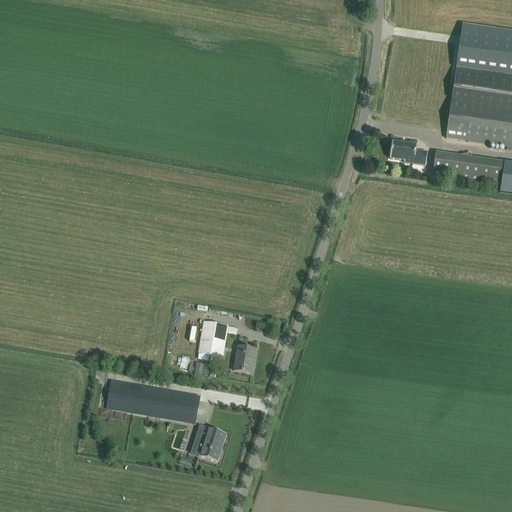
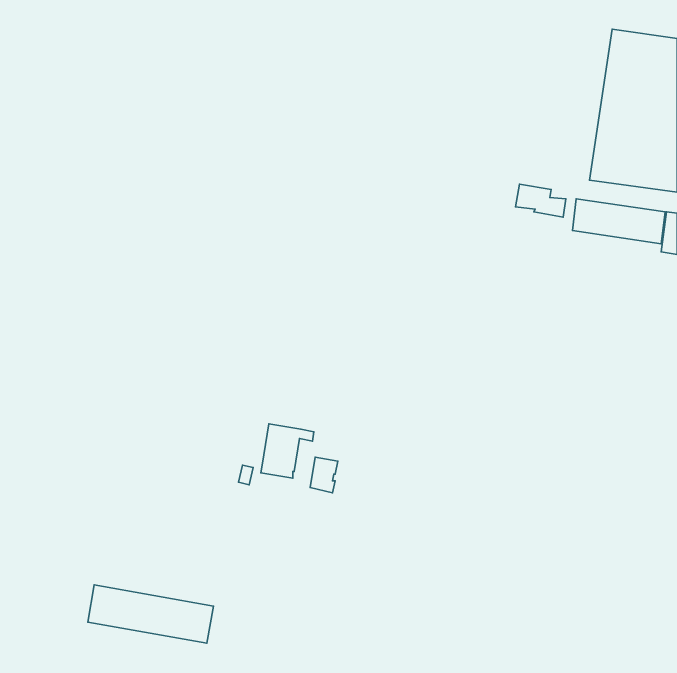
building: [105,379,200,423] -> [88,585,214,643]
building: [191,424,226,460] -> none

